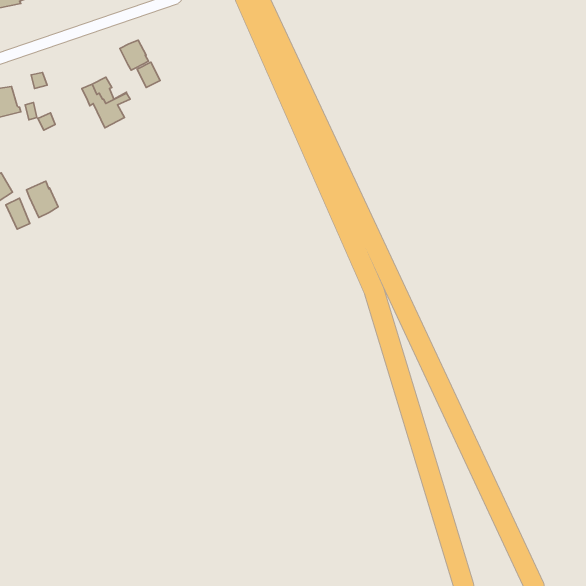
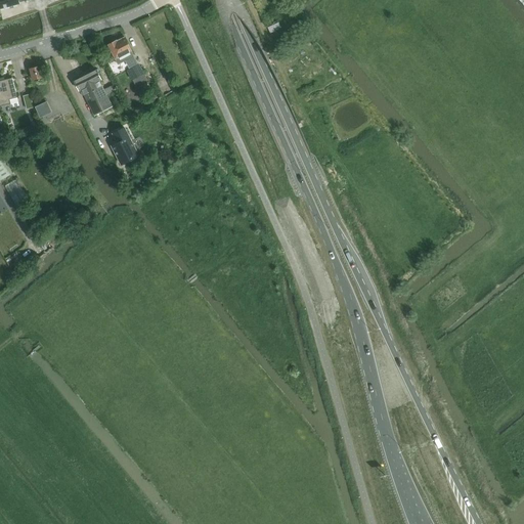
building: none -> [111,126,137,163]
building: [26,181,58,217] -> none

